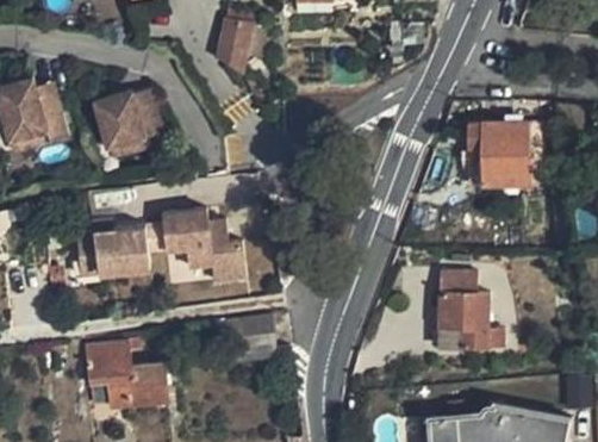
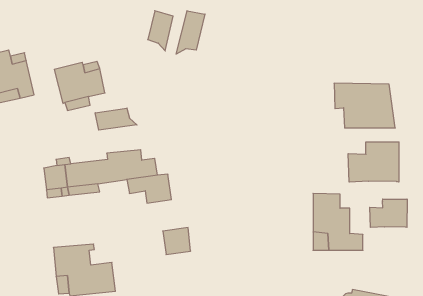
building: none -> [176,11,205,54]
building: none -> [95,108,137,130]
building: none -> [348,142,399,182]
building: none -> [370,199,407,227]

